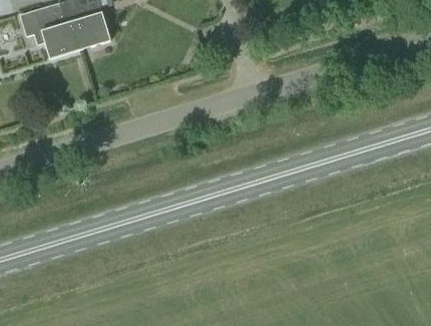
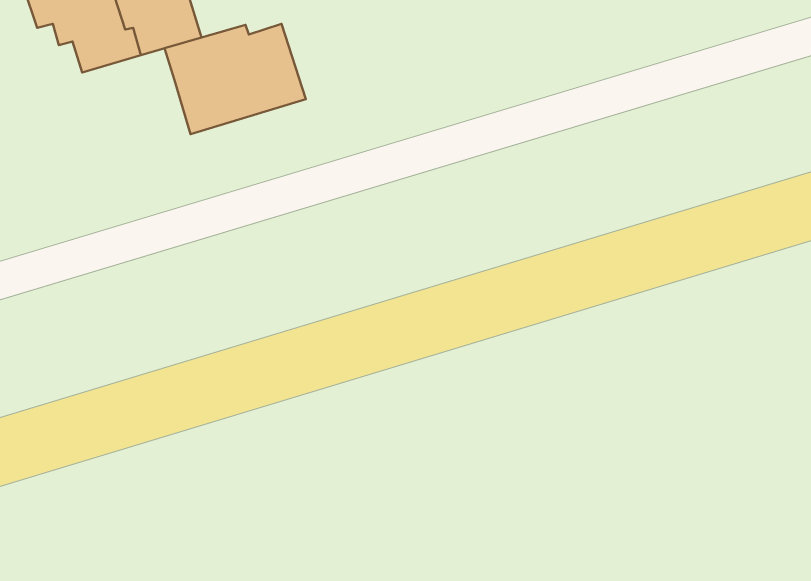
building: none -> [165,24,306,134]

